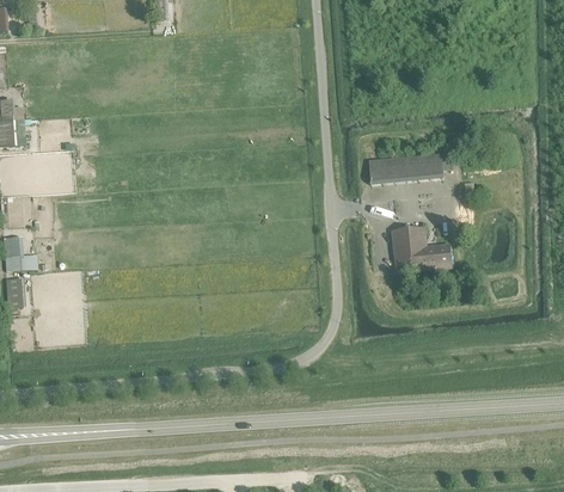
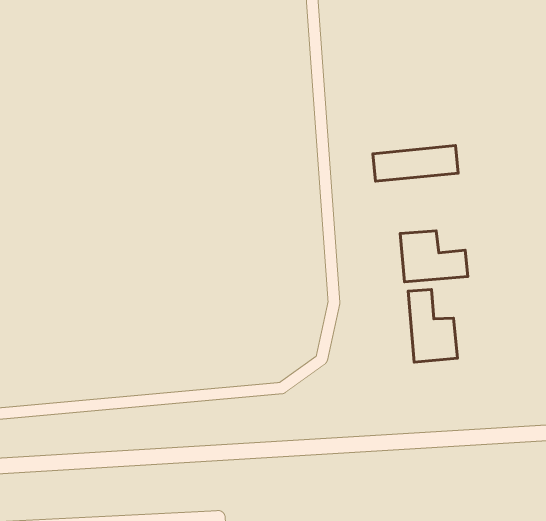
building: none -> [408,290,457,362]

